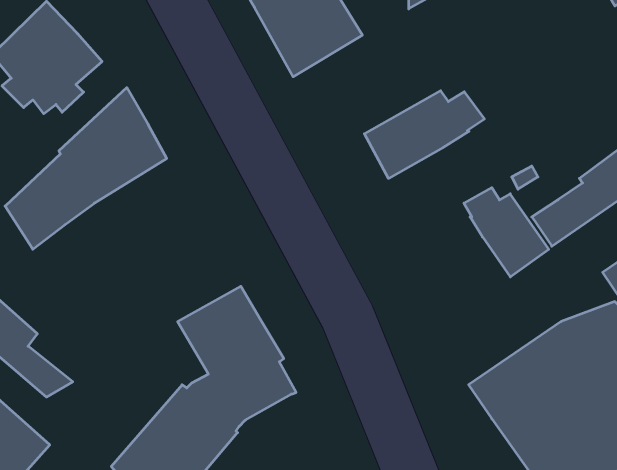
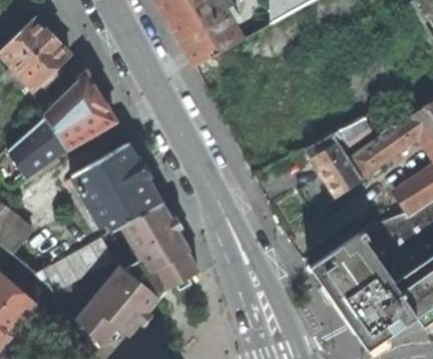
building: [364,91,484,178] -> none
building: none -> [70,143,161,231]
building: none -> [35,237,115,294]

